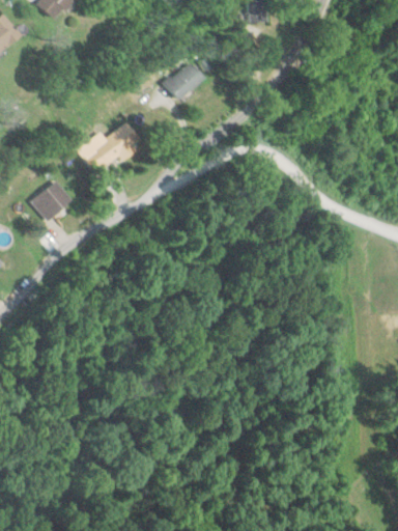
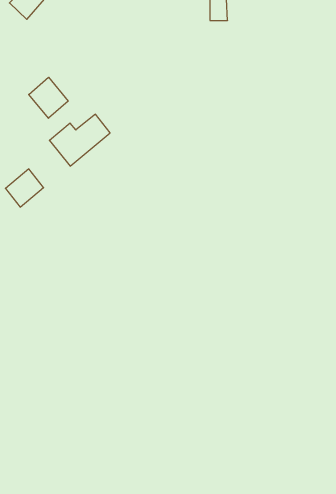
building: [165,61,203,99] -> none
building: none -> [29,77,68,118]

